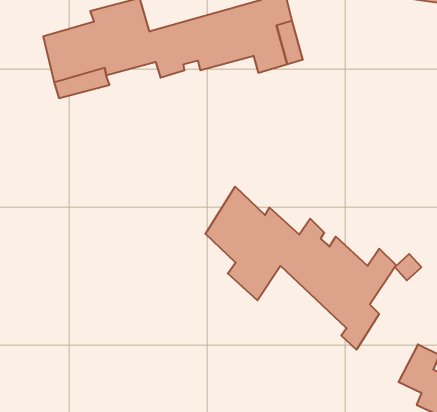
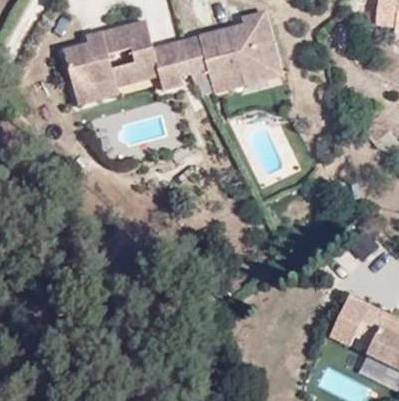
building: [205,187,396,350] -> none
building: none -> [336,298,374,348]

